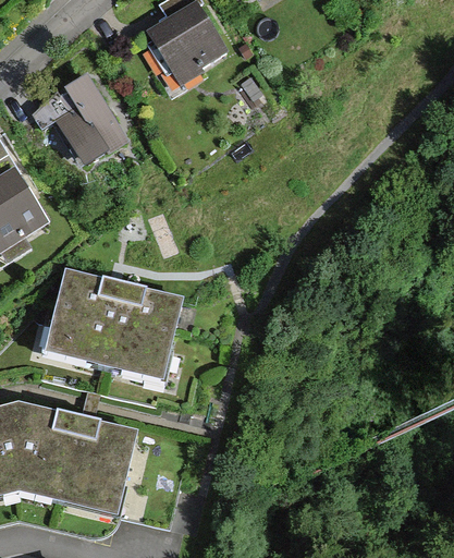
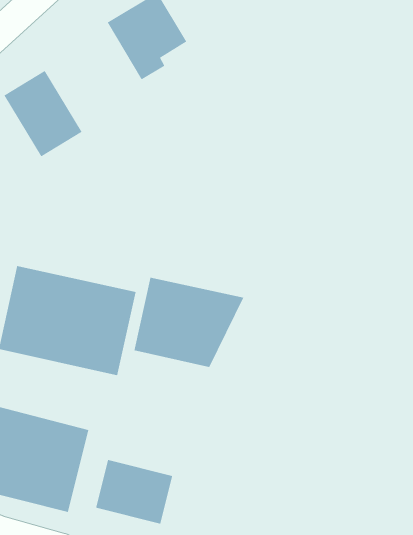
building: none -> [134,277,244,368]
building: none -> [96,459,173,525]

